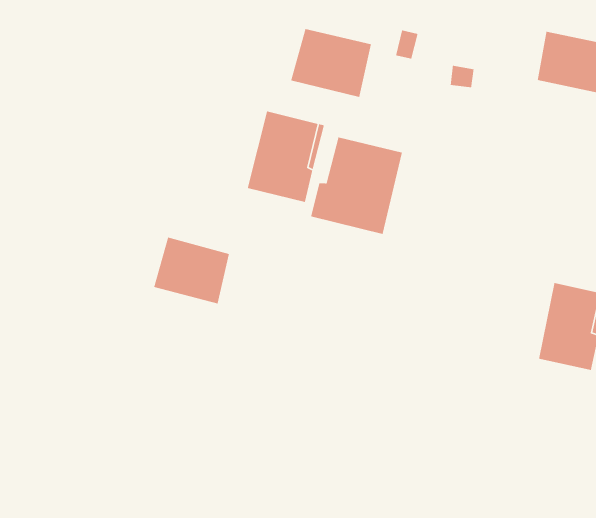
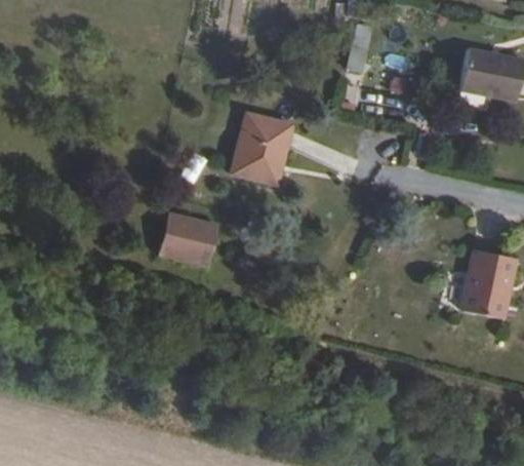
building: [290,28,372,98] -> none
building: [310,136,403,235] -> none

